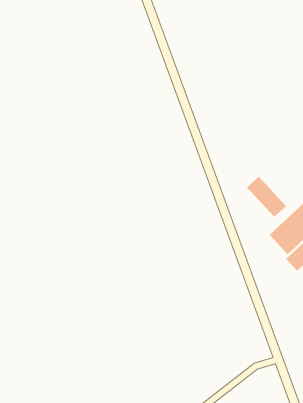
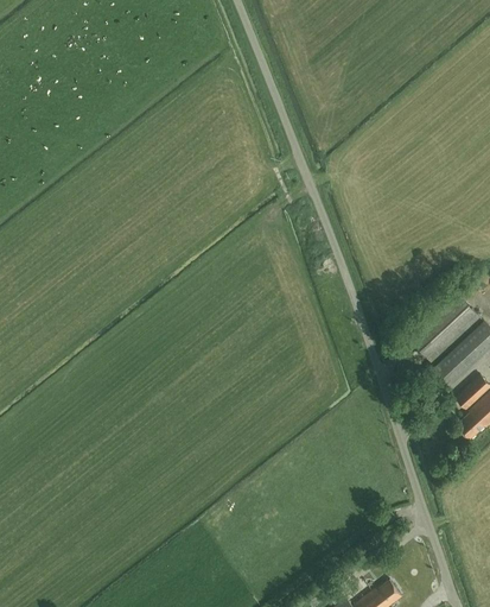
building: [246,176,287,218] -> none

